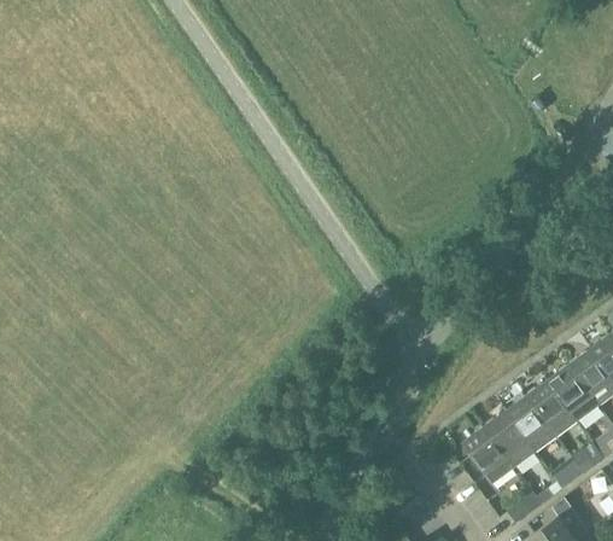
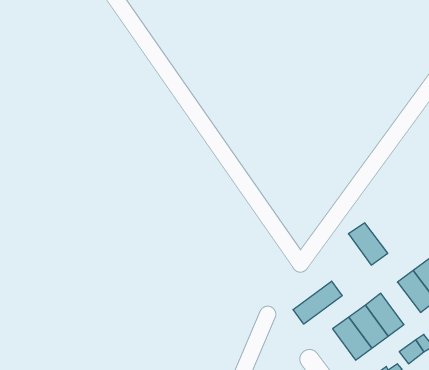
building: none -> [293,281,342,324]
building: [526,380,578,436] -> [348,223,388,265]

